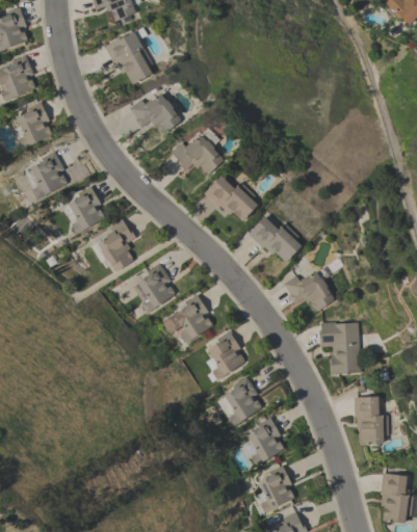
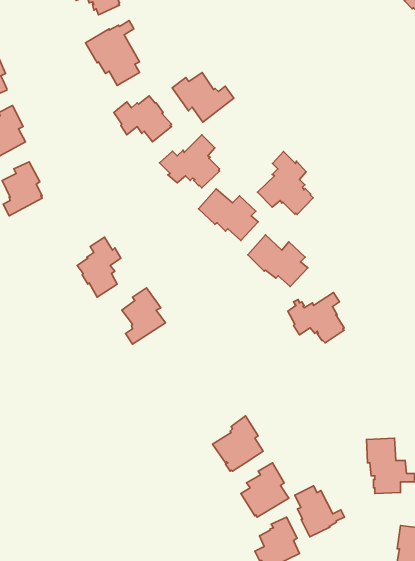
building: none -> [172,72,234,122]
building: none -> [258,151,313,214]
building: [68,186,105,234] -> none
building: [164,295,213,344] -> none
building: [319,322,370,374] -> none
building: [207,330,245,381] -> none
building: none -> [295,486,345,537]

